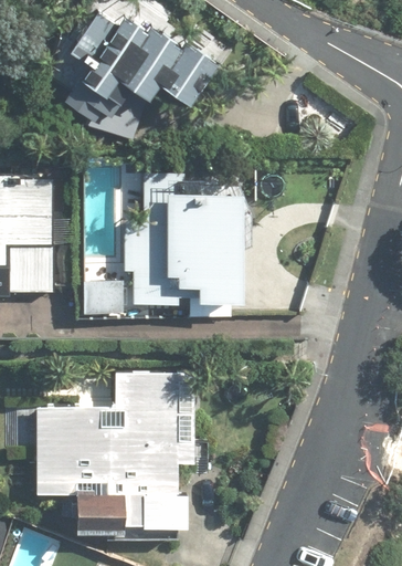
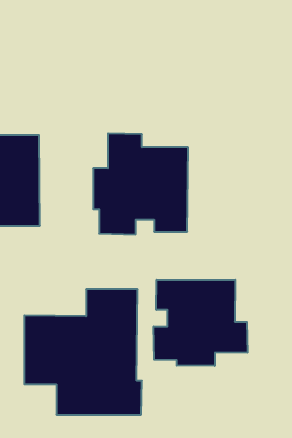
building: [64,12,216,123] -> none
building: none -> [154,280,247,366]

